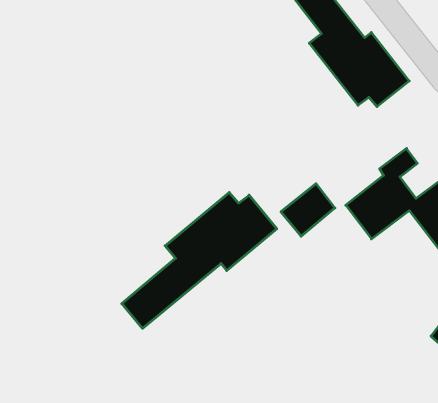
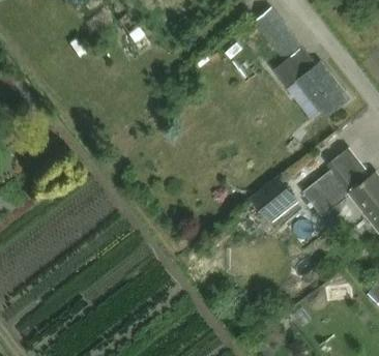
building: [122,192,277,328] -> none

